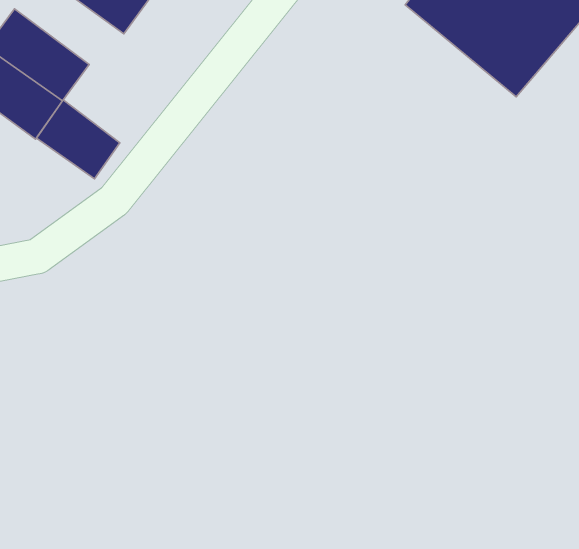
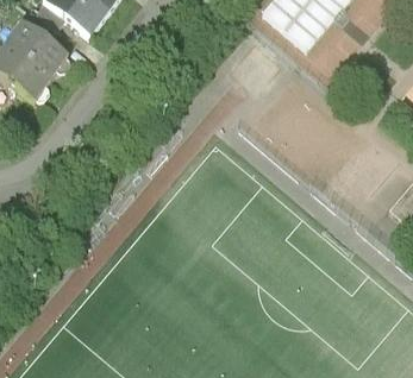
building: [37,100,120,179] -> none

